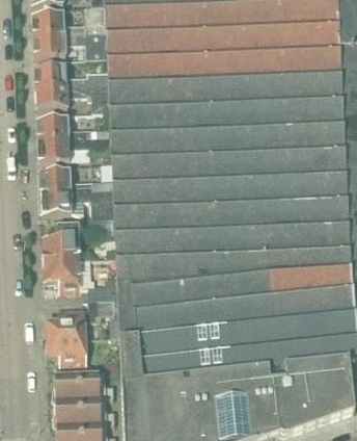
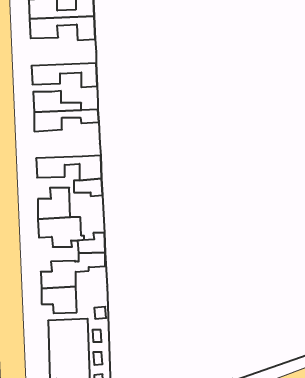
building: [36,62,109,86] -> none
building: [40,166,93,190] -> none

